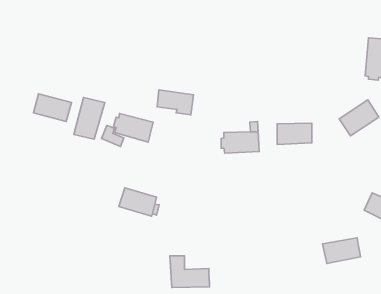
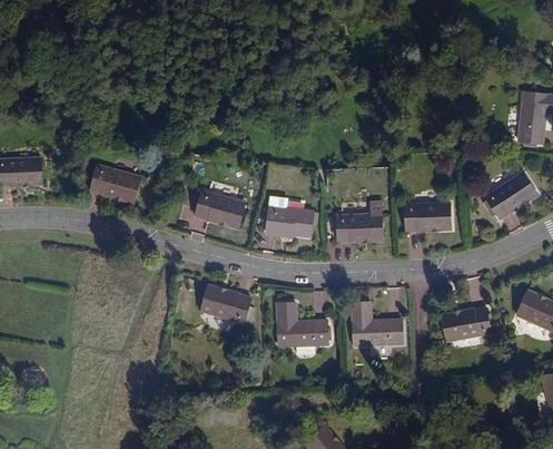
building: [157,90,193,115] -> [267,204,314,236]
building: [74,97,105,139] -> none
building: none -> [352,302,403,345]
building: [323,238,360,264] -> [442,308,491,341]
building: [170,256,210,288] -> [277,304,328,345]

